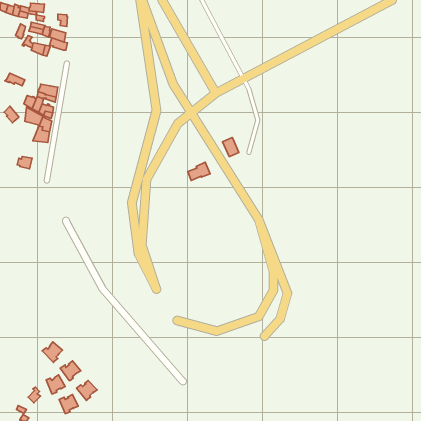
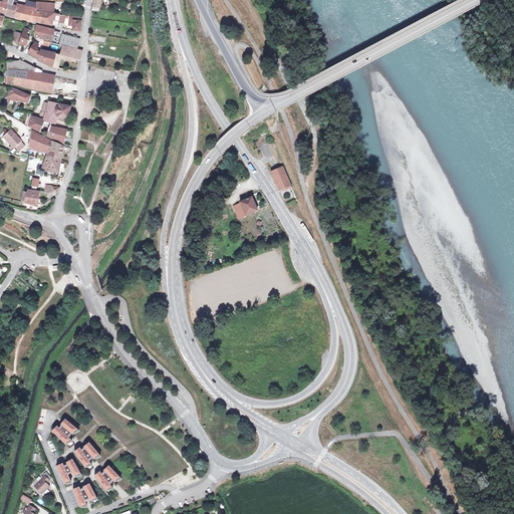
building: none -> [4,60,55,93]

